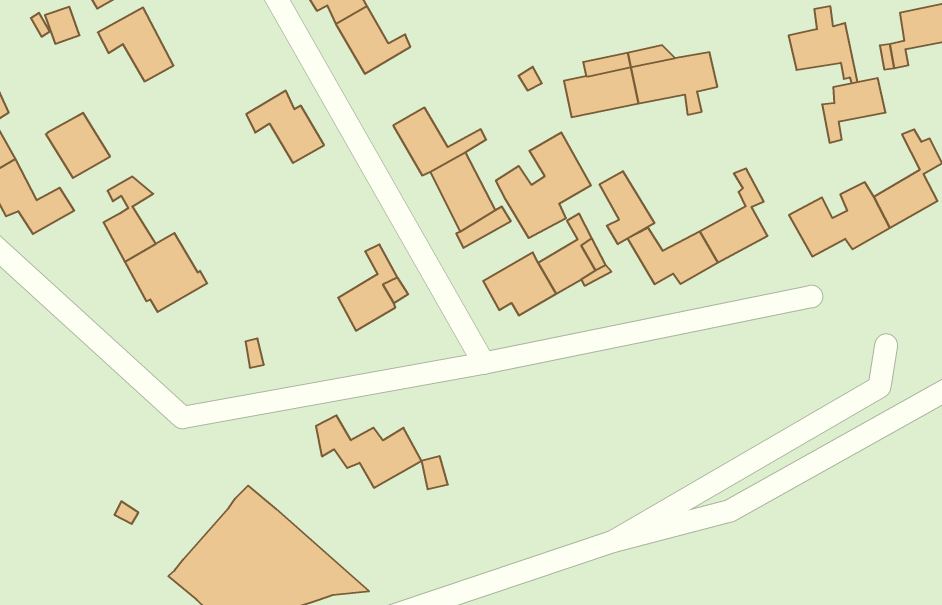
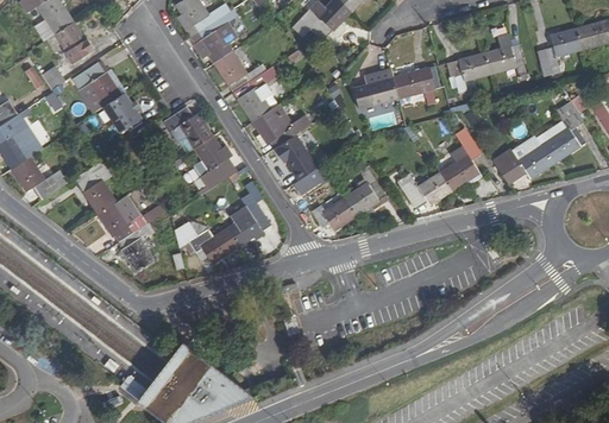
building: none -> [233,74,270,121]
building: [822,78,886,143] -> [452,52,490,93]
building: [46,113,110,178] -> [101,91,140,131]
building: [496,132,591,238] -> none
building: none -> [194,135,236,185]
building: [600,171,654,244] -> none
building: none -> [117,222,155,272]
building: [316,415,421,488] -> [174,221,238,263]

